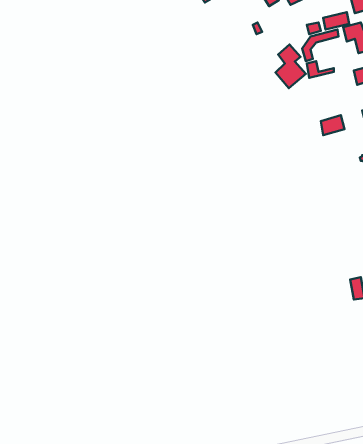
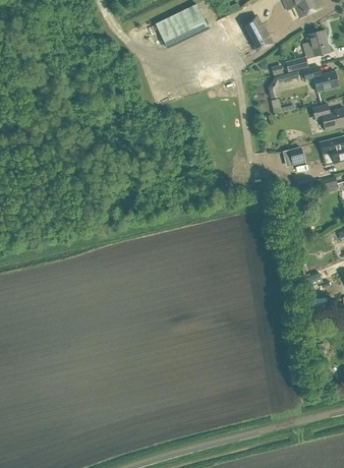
building: [275,45,306,88] -> none

